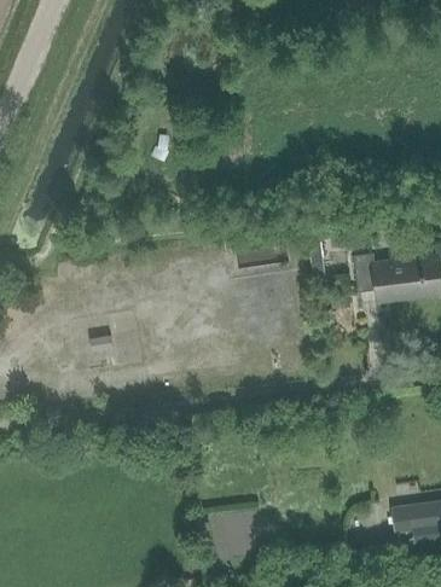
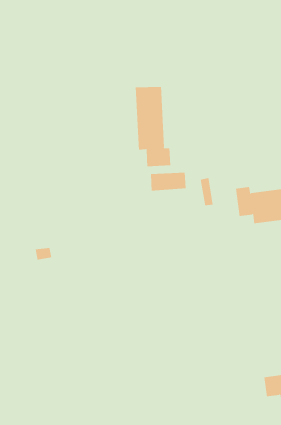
building: none -> [135,86,171,167]

